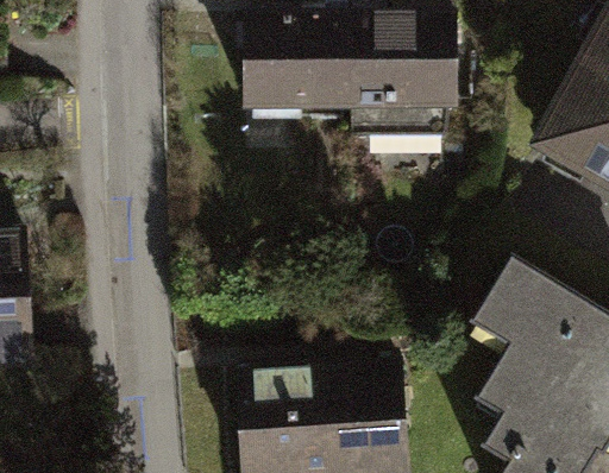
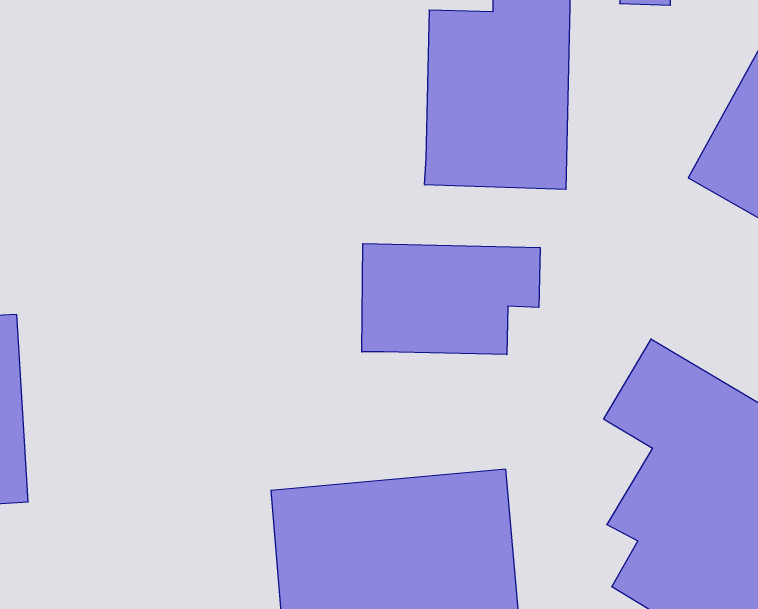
building: [244,15,350,126] -> none
building: none -> [362,244,540,355]

